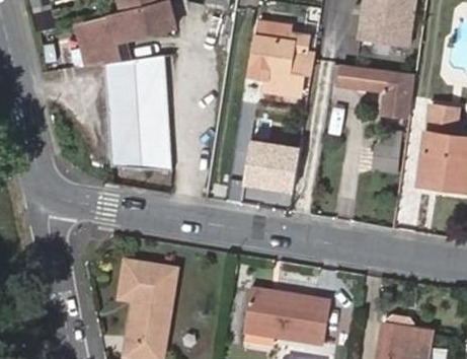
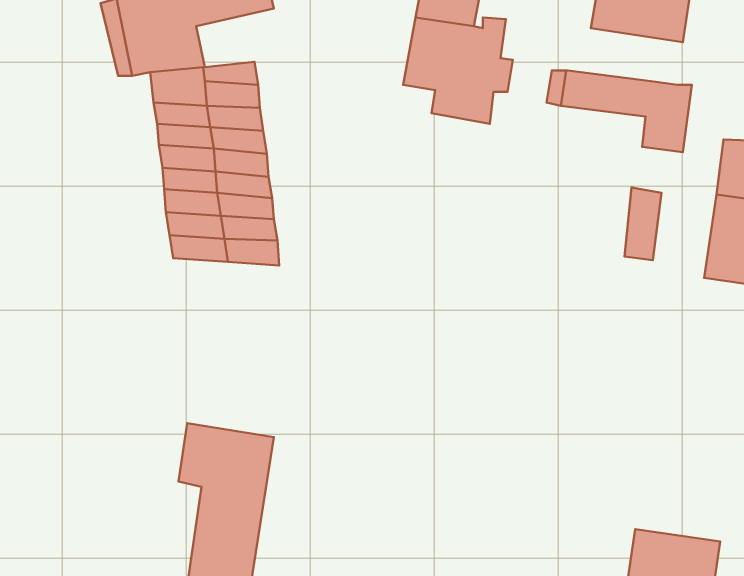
building: [241,140,297,192] -> none
building: [243,291,326,348] -> none

